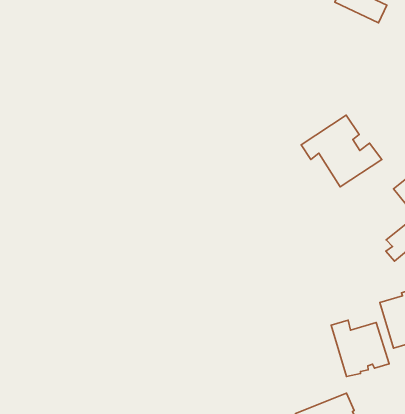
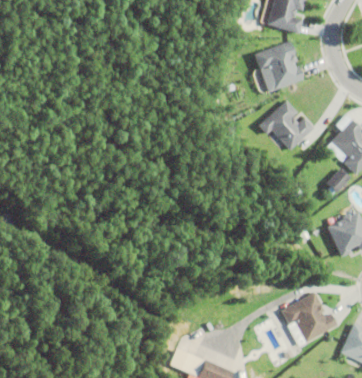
building: none -> [253,40,303,91]
building: [331,320,389,377] -> none

